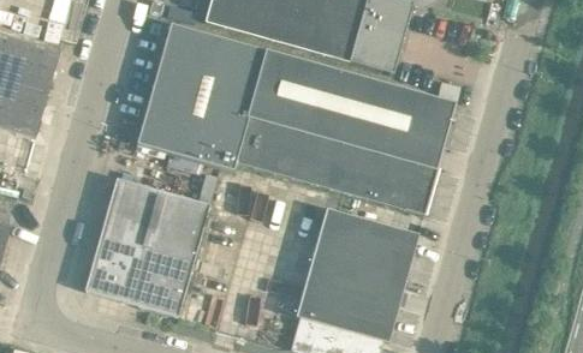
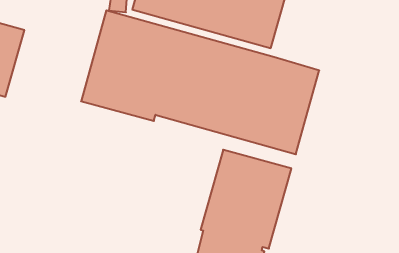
building: [84,176,209,316] -> none

